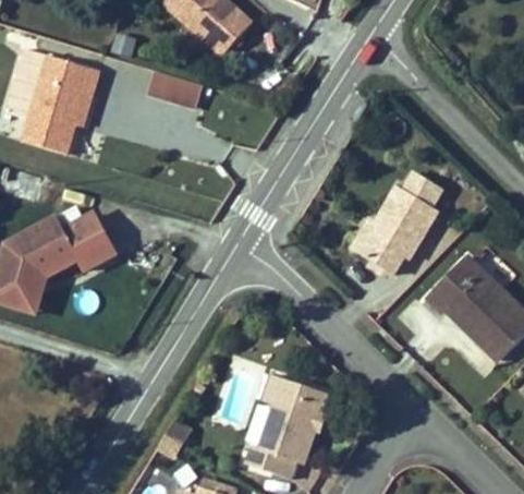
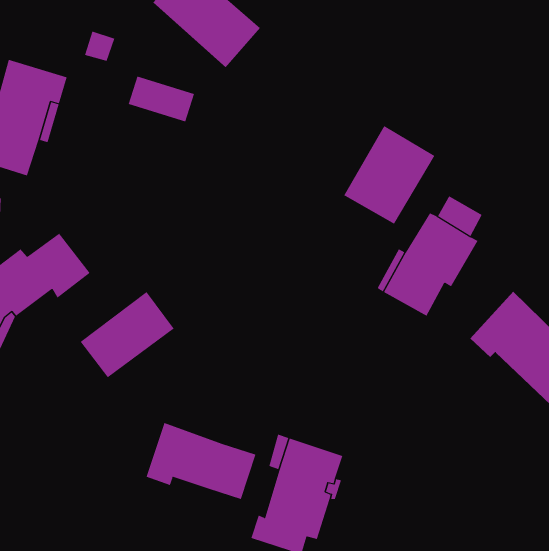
building: none -> [343,125,435,224]
building: none -> [80,291,174,378]
building: none -> [146,422,256,500]

